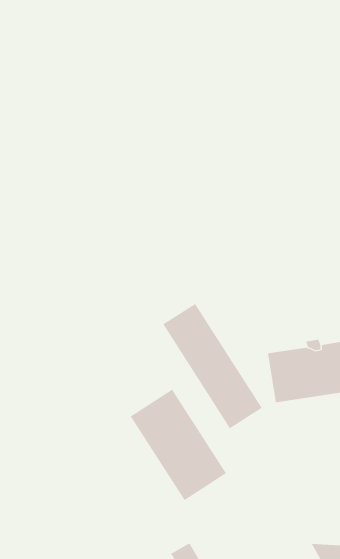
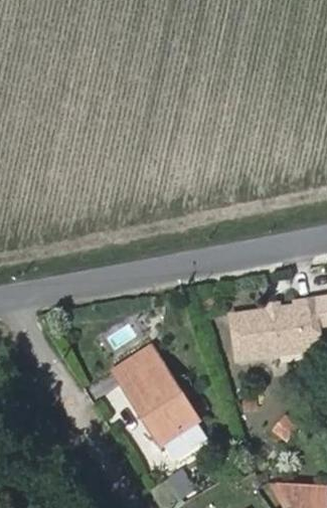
building: [162,303,263,429] -> none

